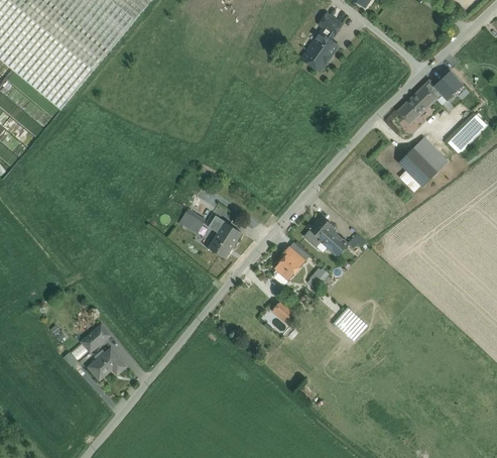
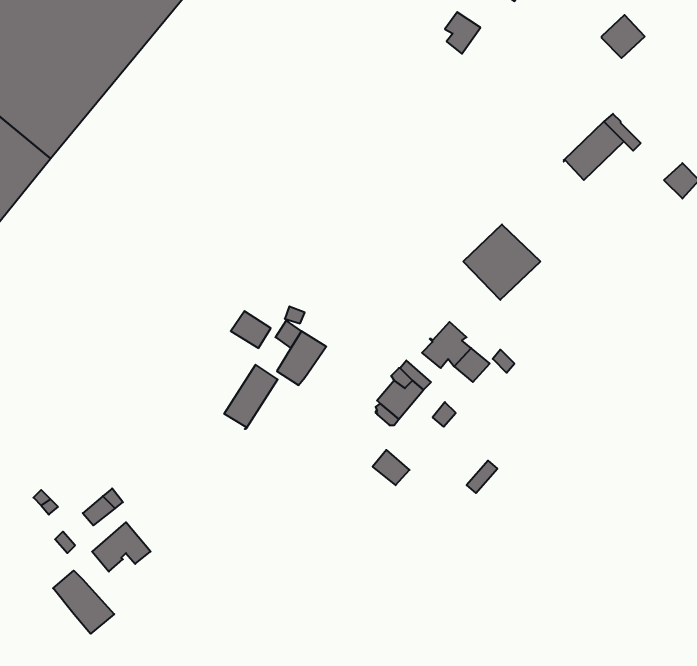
building: [301,32,337,71] -> none
building: [433,71,462,99] -> [602,15,645,58]
building: [445,123,474,152] -> none
building: [397,137,448,187] -> [463,224,540,300]
building: none -> [224,365,278,429]
building: none -> [53,571,114,634]

